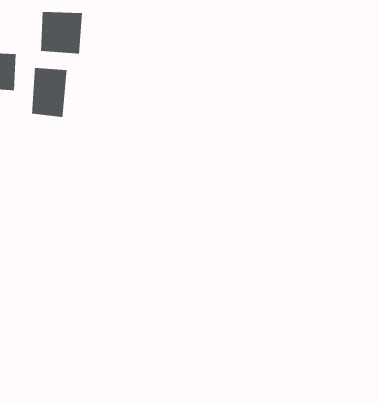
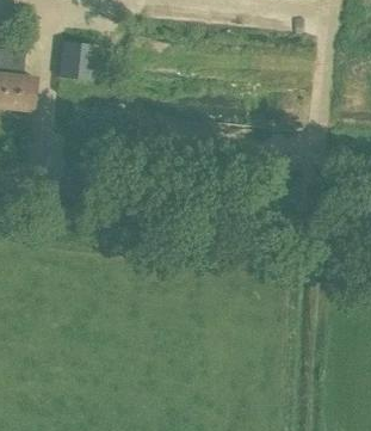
building: [31,67,67,118] -> none

